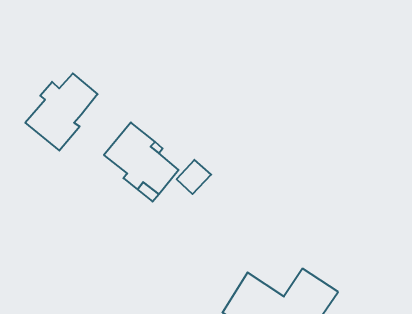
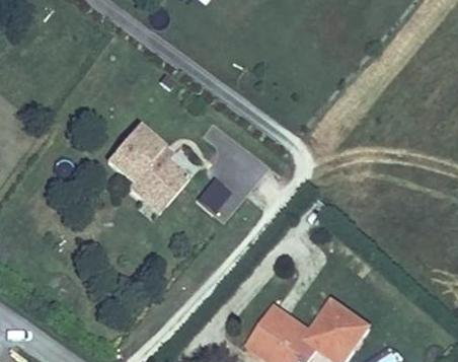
building: [25,73,98,151] -> none

